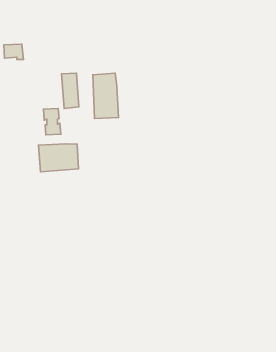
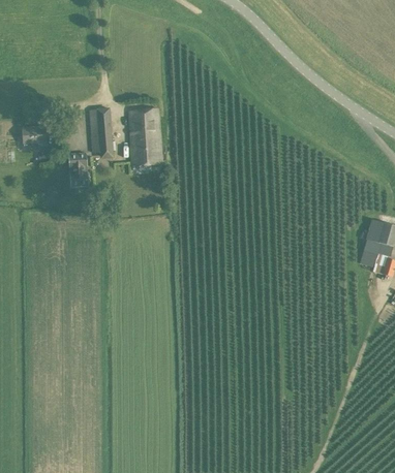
building: [4,44,23,60] -> [22,126,47,146]
building: [39,144,78,172] -> none

